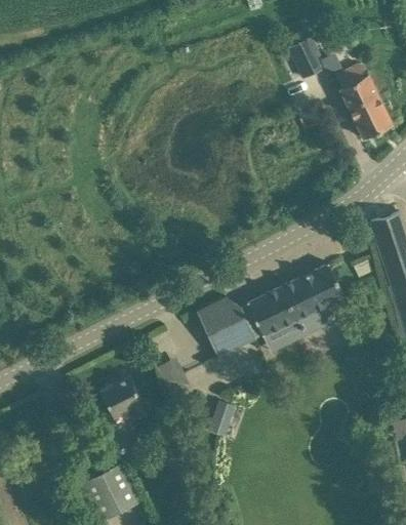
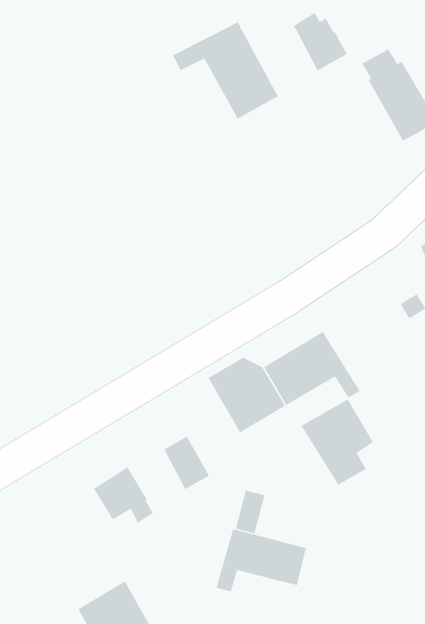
building: none -> [172,21,279,119]
building: [290,264,347,331] -> [300,398,374,486]
building: none -> [216,528,307,592]

